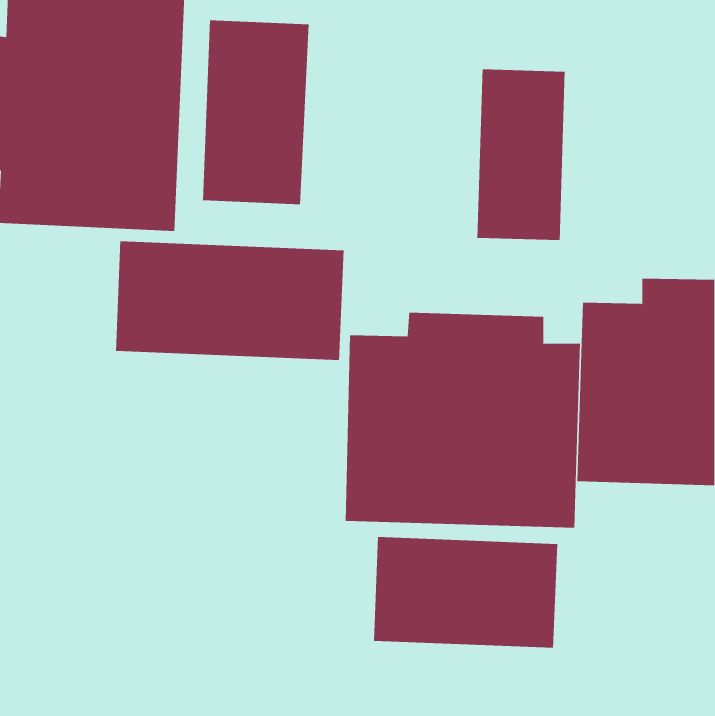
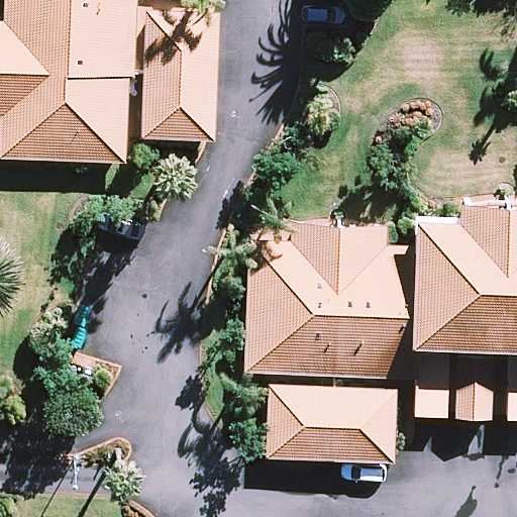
building: [477,69,565,241] -> none
building: [115,240,344,361] -> none

